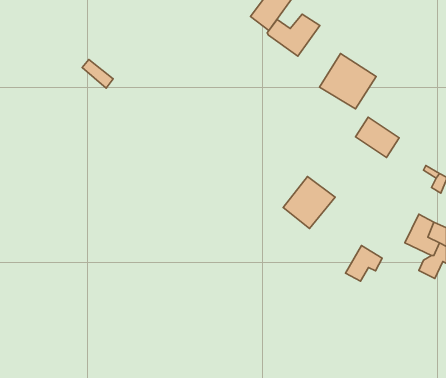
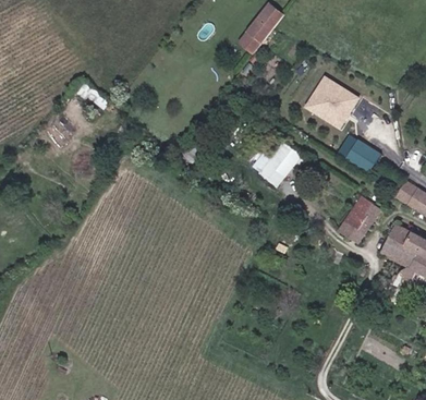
building: [267,14,320,56] -> none
building: [283,176,335,228] -> [252,137,301,186]
building: [345,245,382,281] -> [344,198,379,232]

